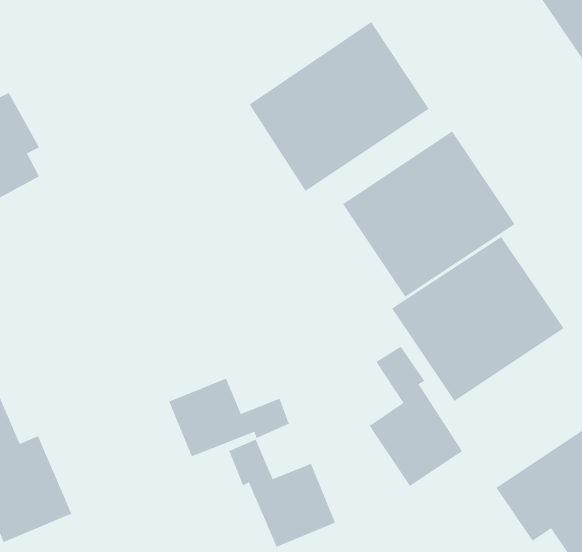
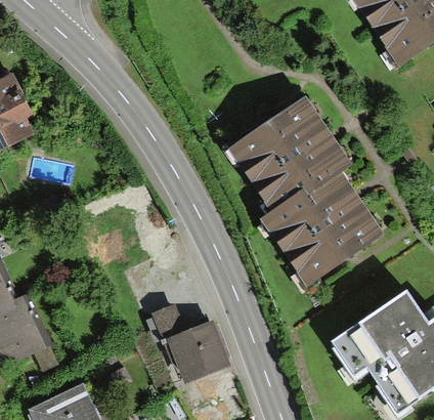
building: [249,21,429,192] -> none
building: [369,346,463,487] -> none
building: [169,378,290,457] -> none

